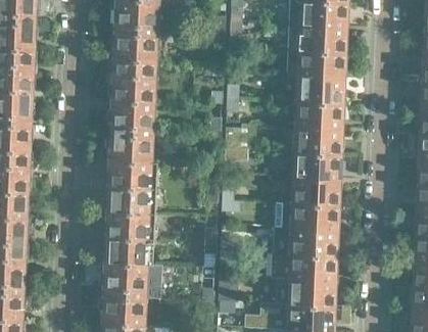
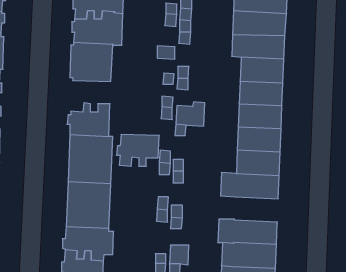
building: [106,101,153,136] -> [116,135,159,166]
building: [289,229,337,256] -> none

